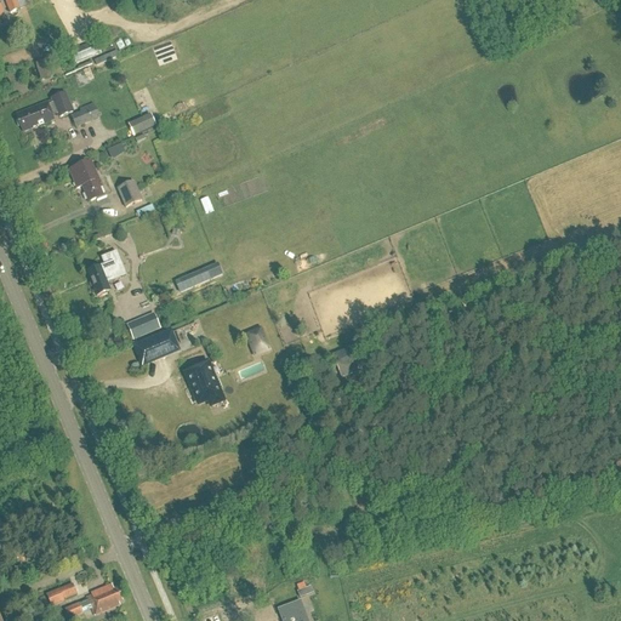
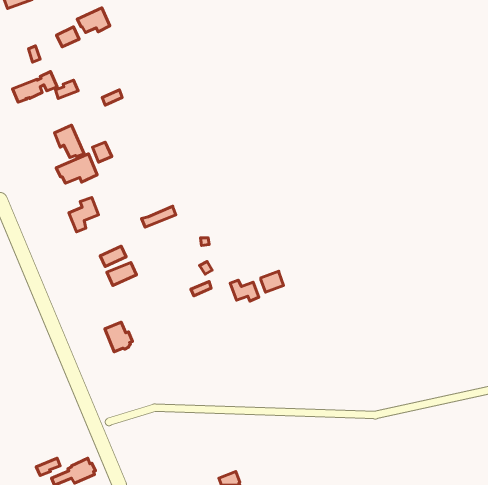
building: none -> [77,8,110,32]
building: none -> [56,154,97,183]
building: none -> [230,280,259,301]
building: [187,364,222,401] -> [105,322,132,352]

